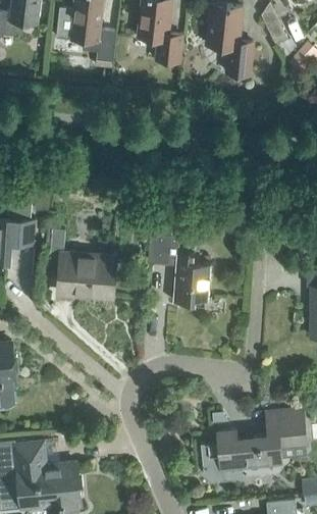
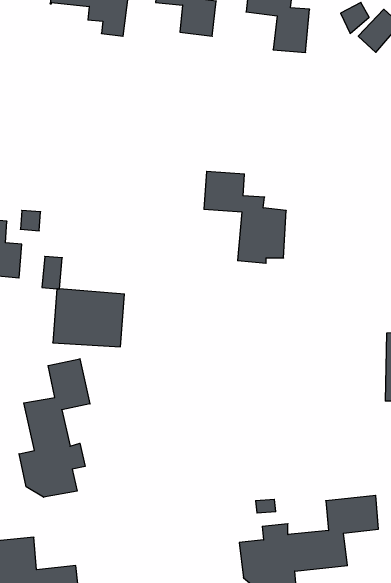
building: [149,235,211,304] -> [204,171,286,263]
building: none -> [19,359,90,497]

